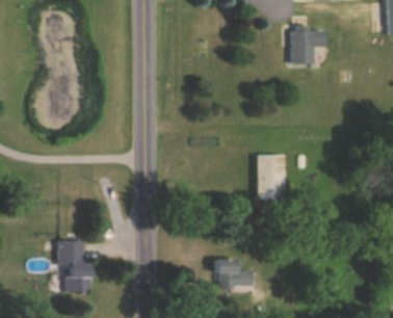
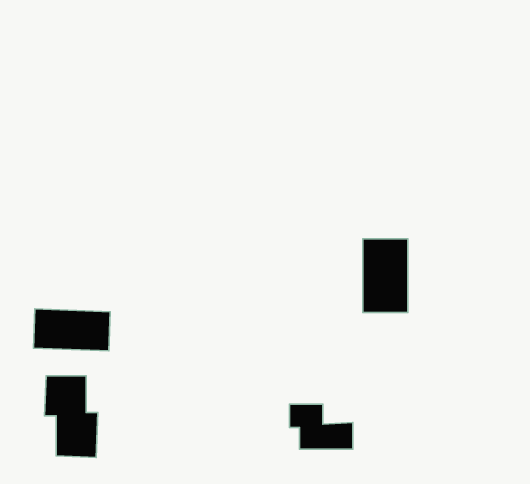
building: [290,29,324,64] -> none
building: none -> [34,309,110,351]

